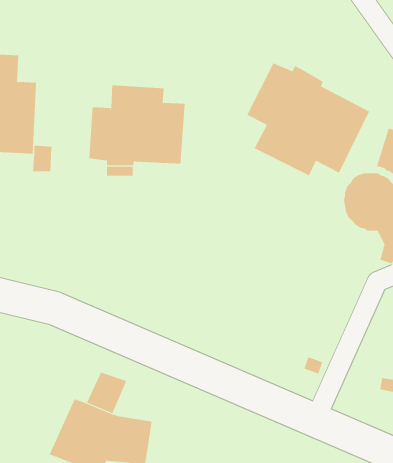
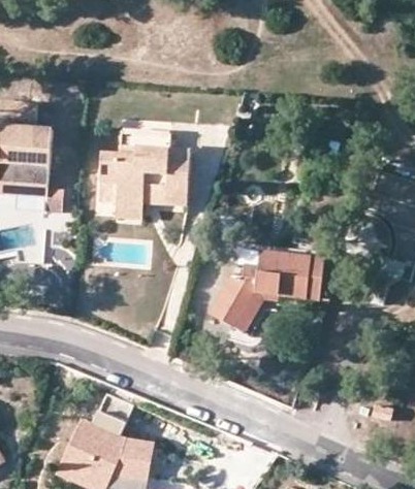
building: [247,62,370,176] -> none
building: none -> [210,249,309,335]

